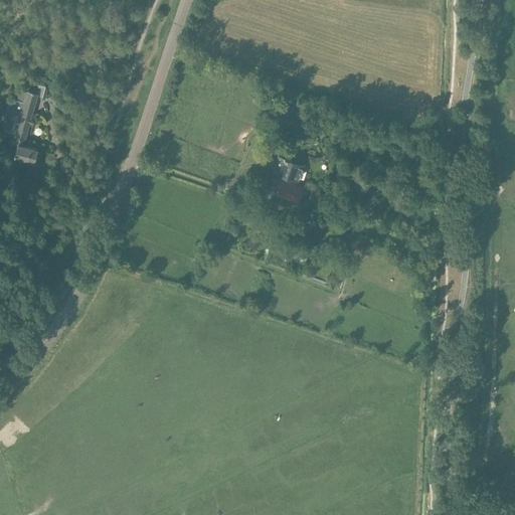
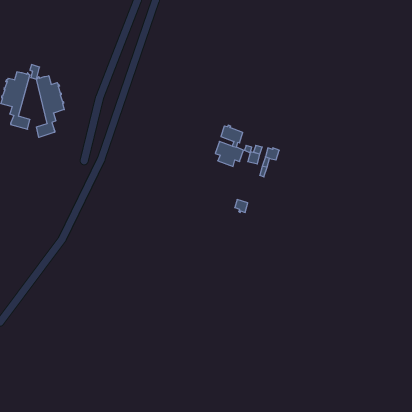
building: none -> [36,76,64,137]

